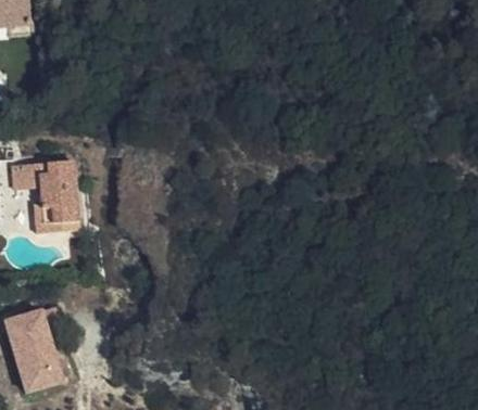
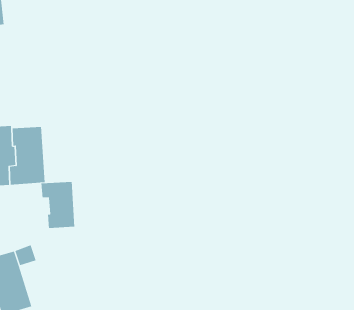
building: none -> [41,181,75,229]

